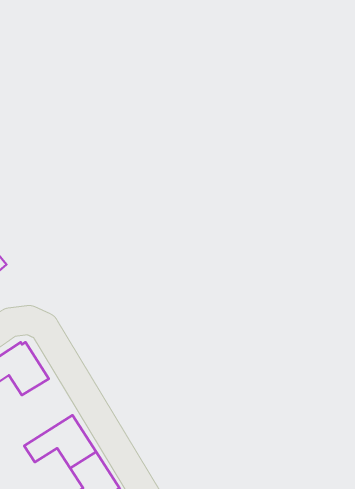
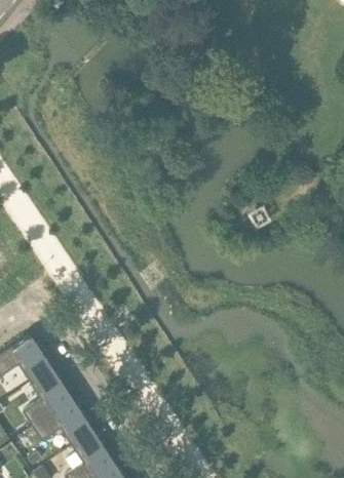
building: none -> [23,369,74,428]

